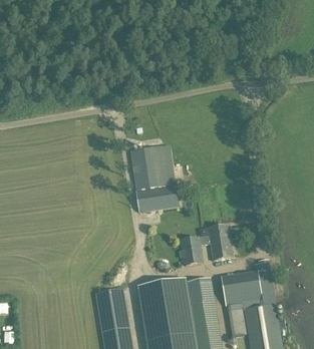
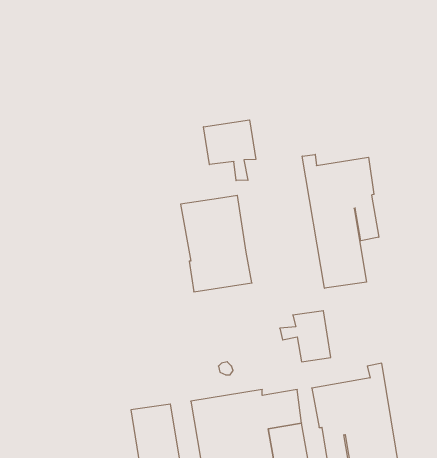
building: none -> [204,120,256,181]
building: none -> [302,154,379,288]
building: [181,236,202,264] -> none

